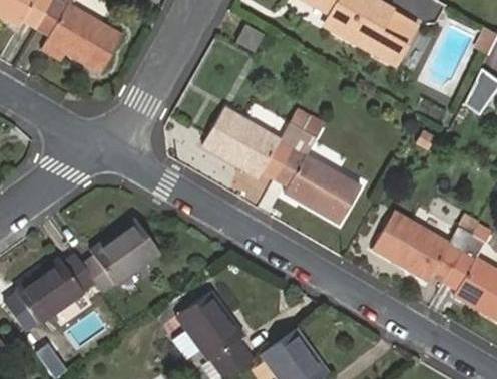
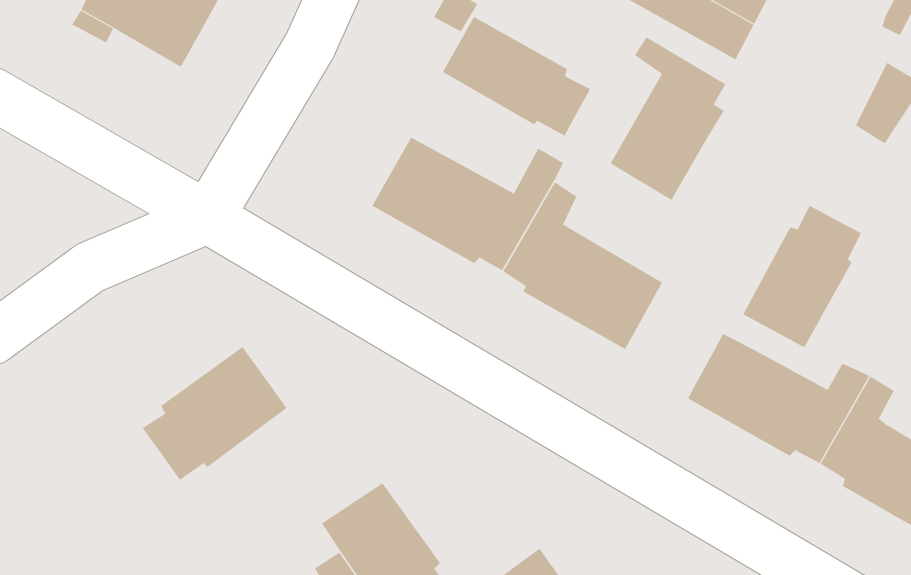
building: none -> [442,16,591,136]
building: none -> [610,37,726,201]
building: none -> [742,205,862,348]
building: [16,255,94,325] -> none

